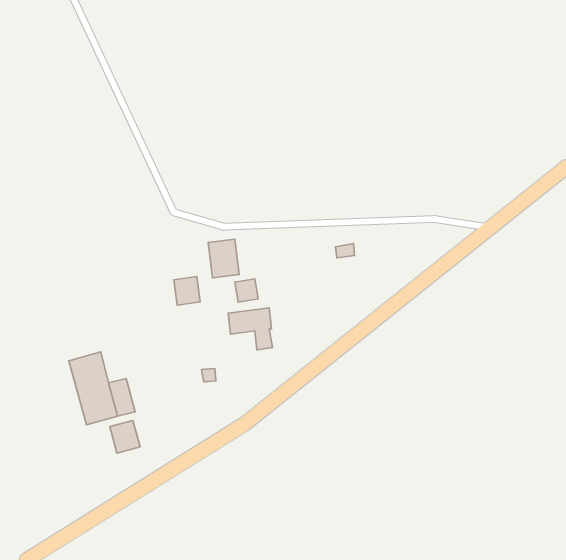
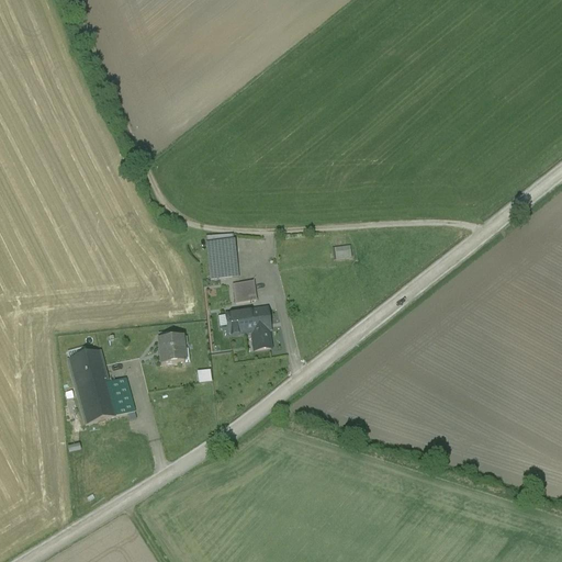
building: [174,276,200,305] -> [159,334,186,362]
building: [110,420,140,453] -> none

